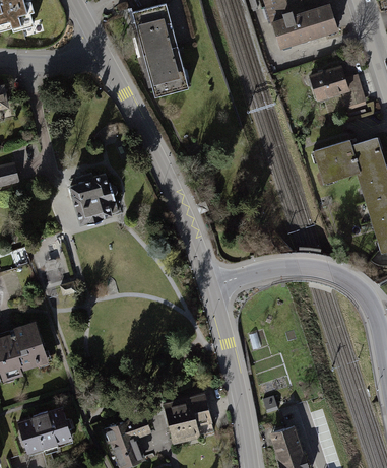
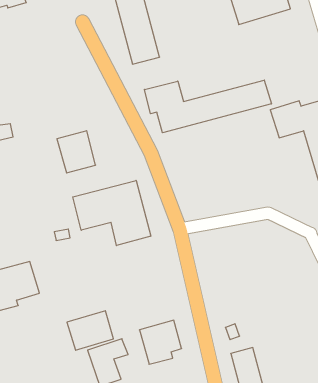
building: [309,65,366,111] -> none
building: none -> [144,80,271,133]
building: none -> [73,180,151,246]
building: [16,407,70,453] -> [67,311,113,350]

